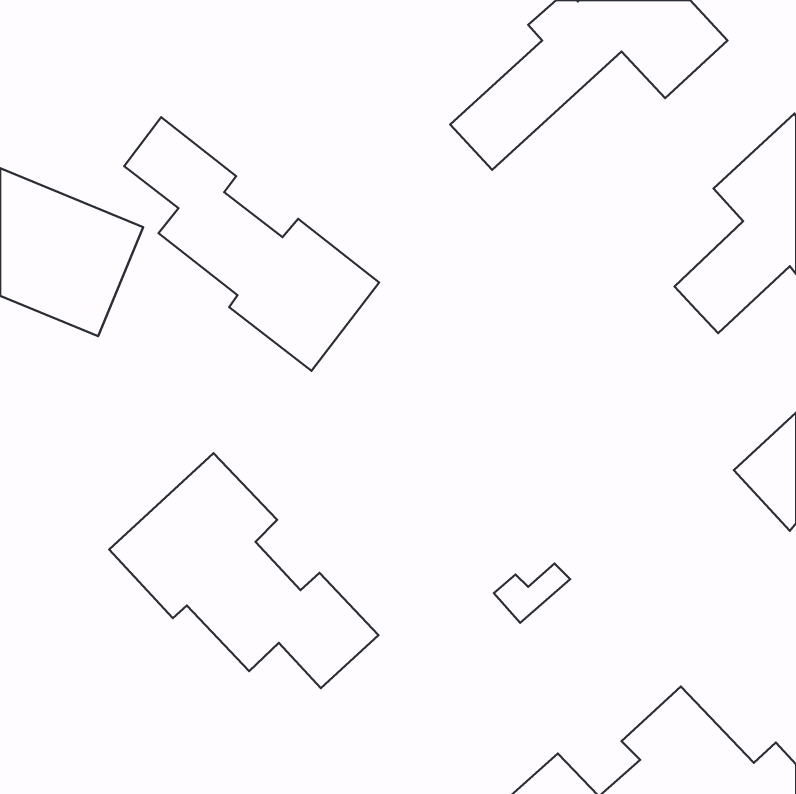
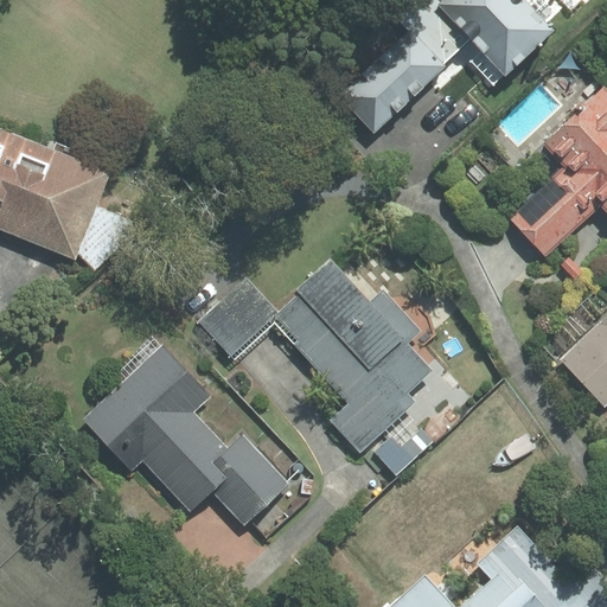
building: [124,117,379,371] -> none
building: none -> [202,262,433,455]

